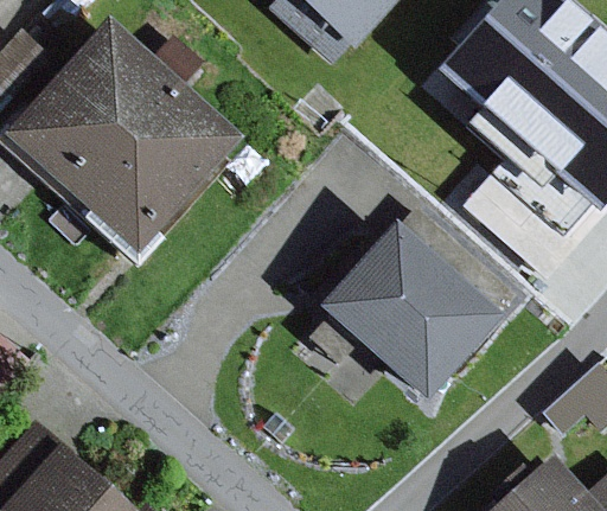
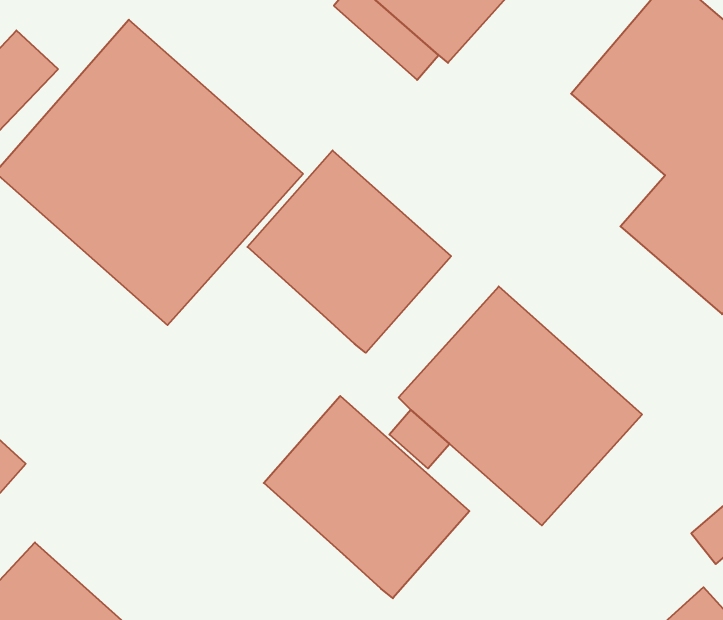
building: none -> [247,150,451,353]
building: none -> [264,396,469,598]

